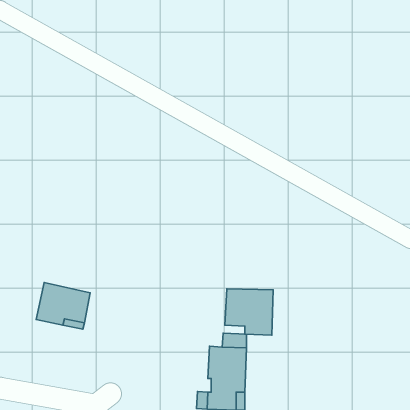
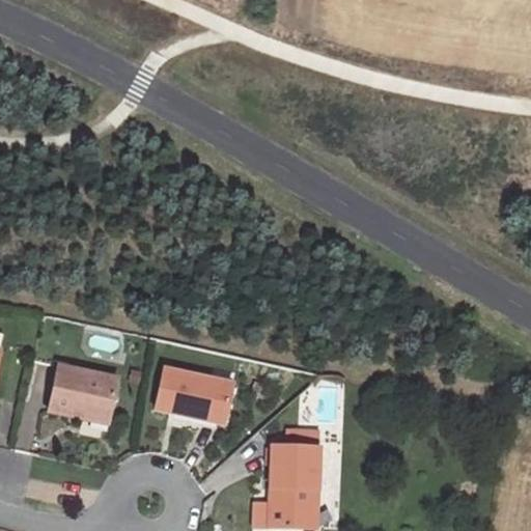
building: none -> [156,368,232,423]
building: [225,289,273,335] -> none

